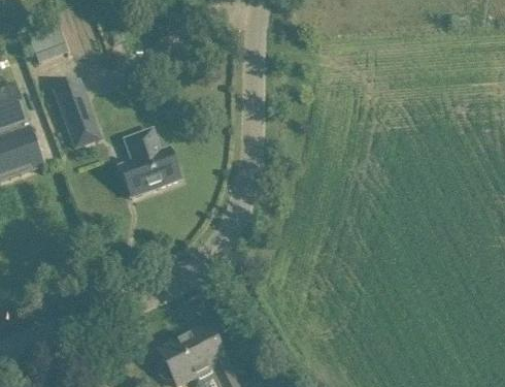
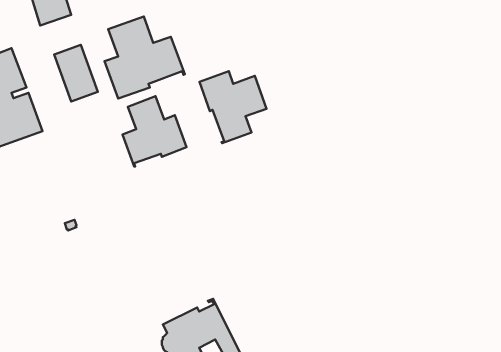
building: none -> [104,17,185,98]
building: none -> [200,71,266,143]

